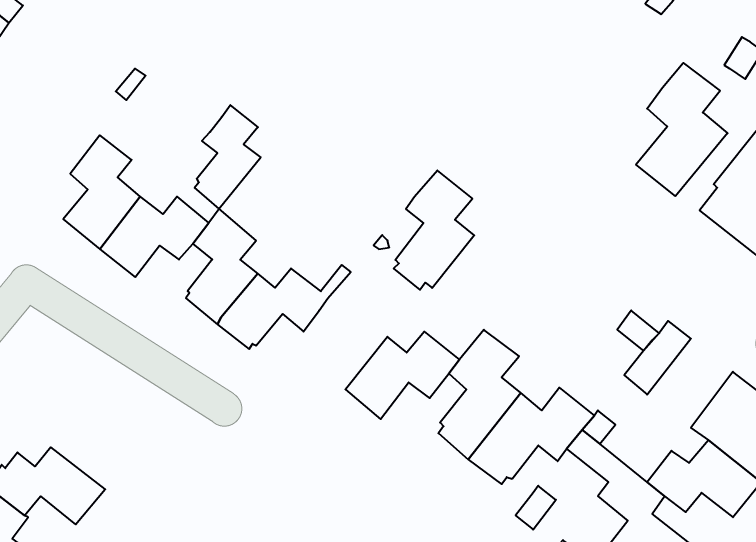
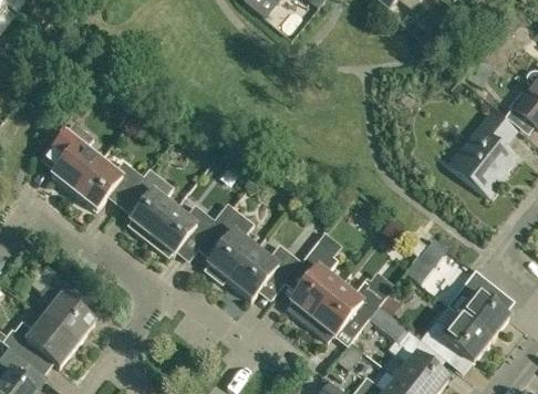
building: [636,63,728,196] -> none
building: [195,105,261,209] -> none
building: [394,170,474,290] -> [204,206,255,281]
building: none -> [39,271,93,343]

